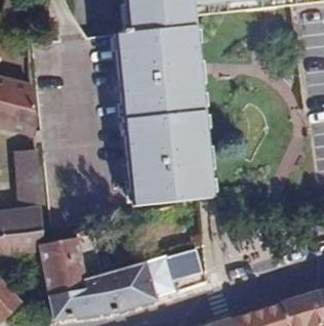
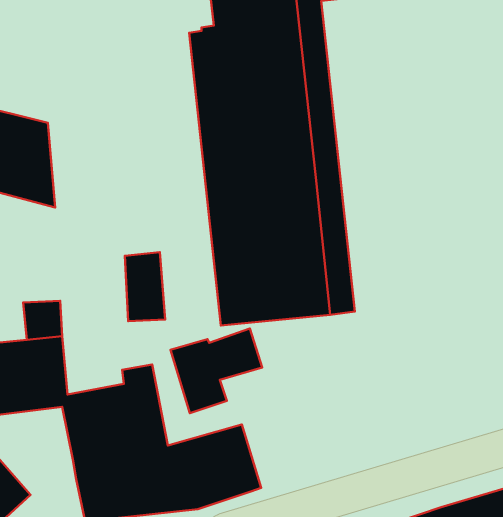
building: [16,150,40,190] -> [125,252,165,321]
building: [146,248,199,297] -> [170,329,262,413]

